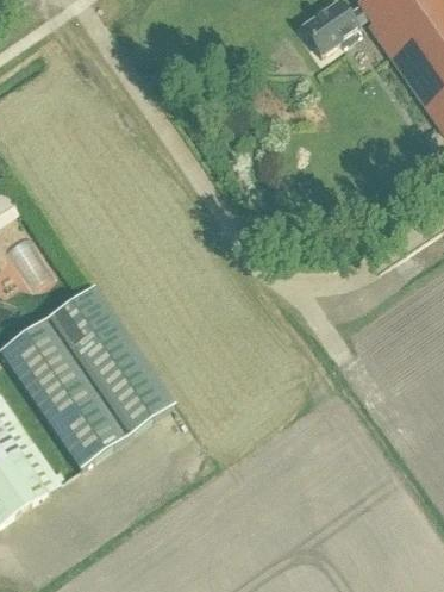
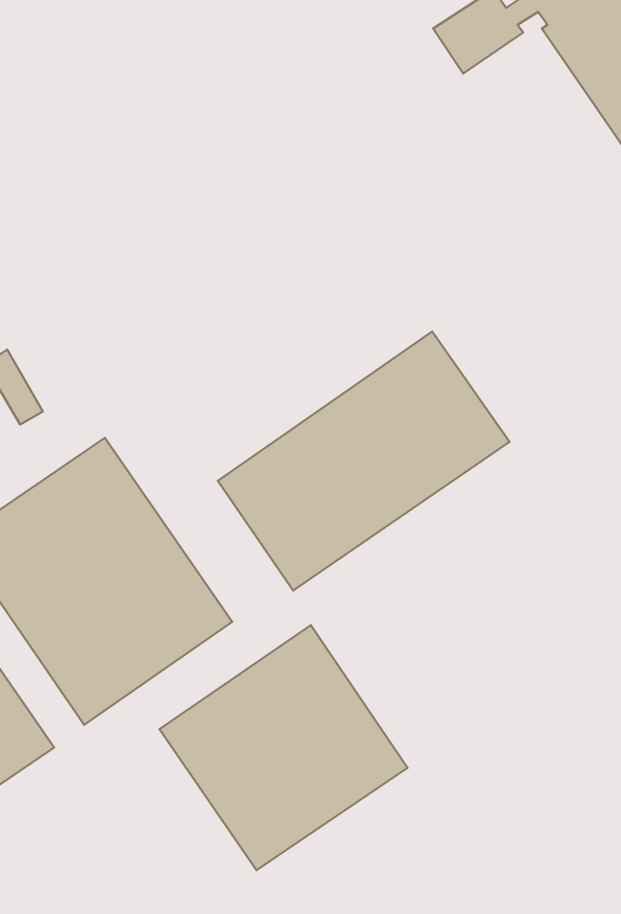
building: none -> [218,332,509,590]
building: none -> [159,625,407,870]

